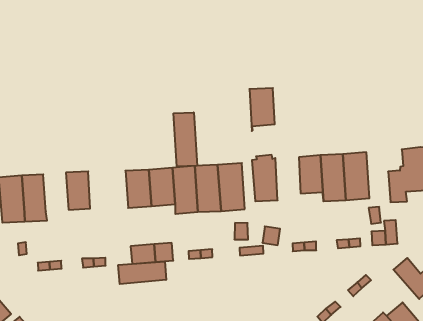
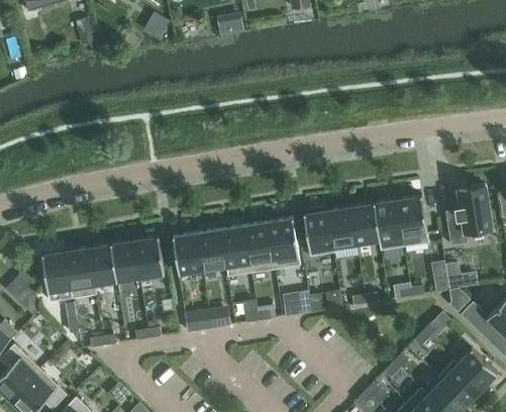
building: [249,88,275,131] -> [327,207,357,253]
building: [174,112,197,167] -> none
building: none -> [134,236,165,279]
building: none -> [88,243,117,286]
building: [118,261,166,284] -> none

